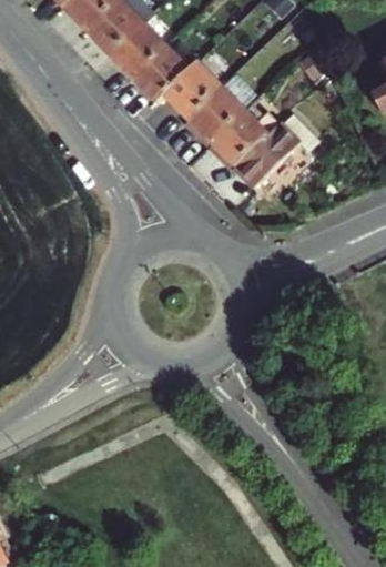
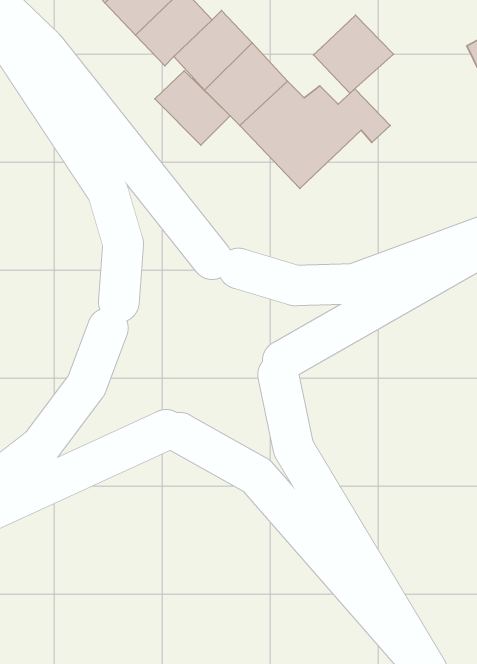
building: none -> [313,15,394,93]
building: none -> [155,71,230,145]

